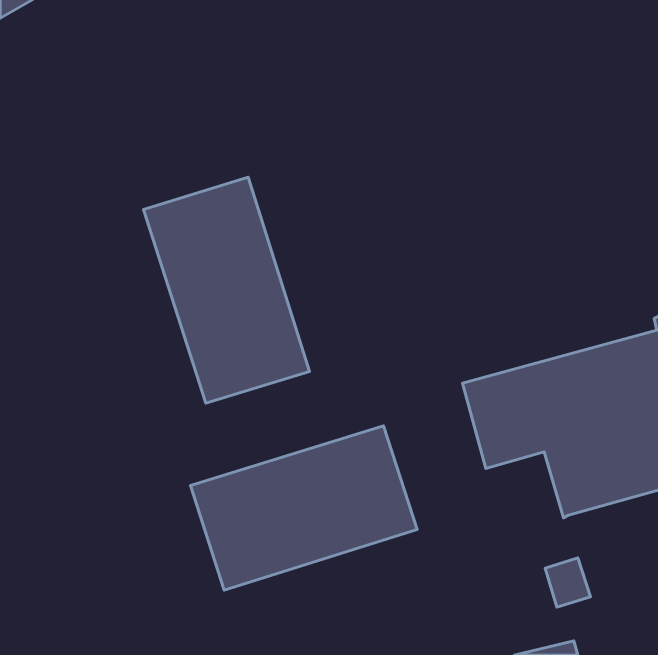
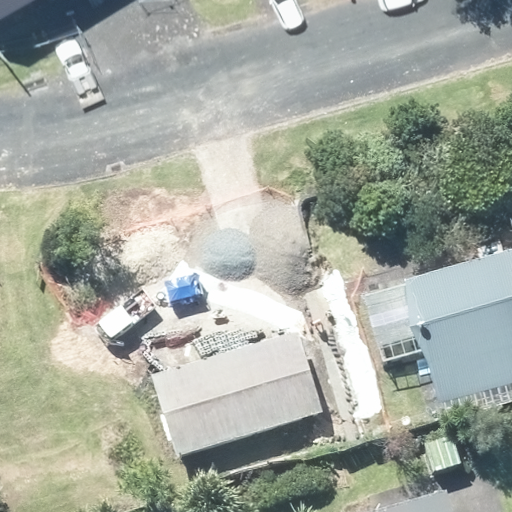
building: [144,177,309,403] -> none

